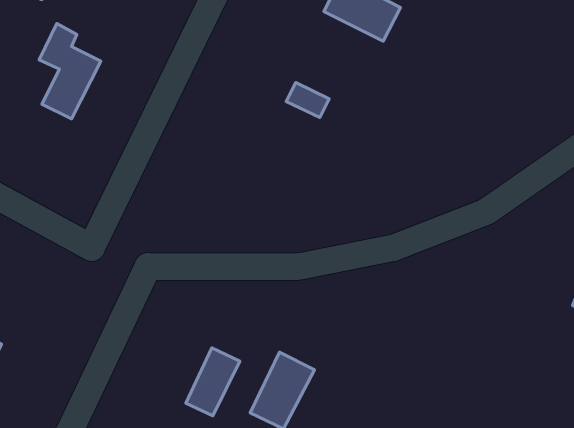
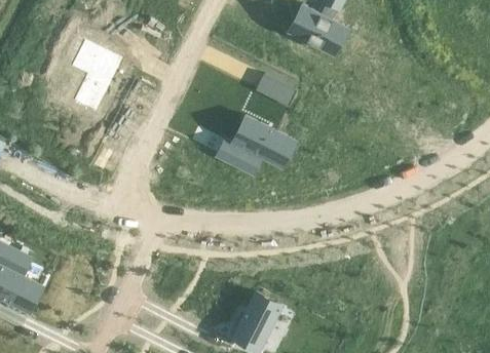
building: none -> [217,114,295,172]
building: [186,348,240,416] -> none

